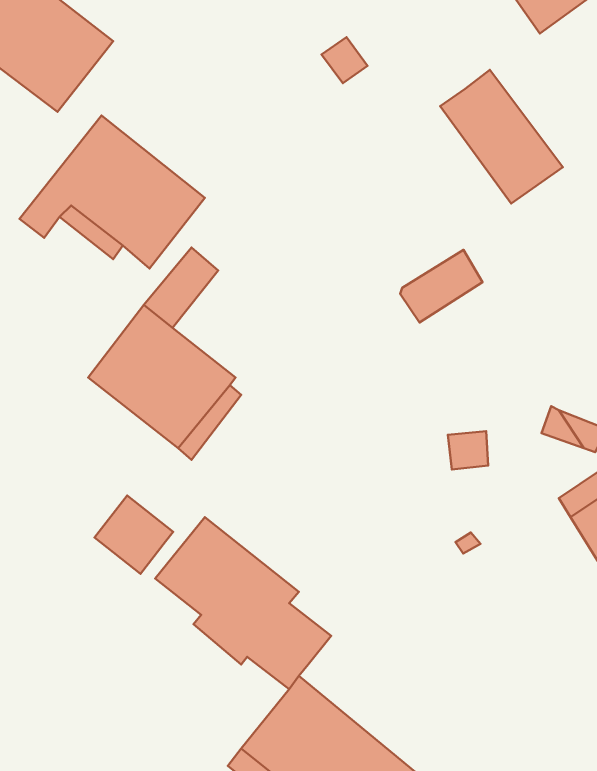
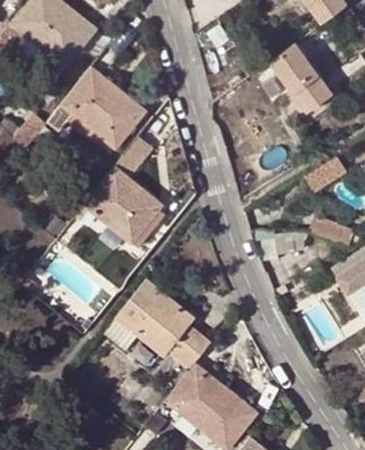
building: [400,250,483,322] -> [302,154,345,192]
building: [95,496,173,574] -> [102,311,143,352]

